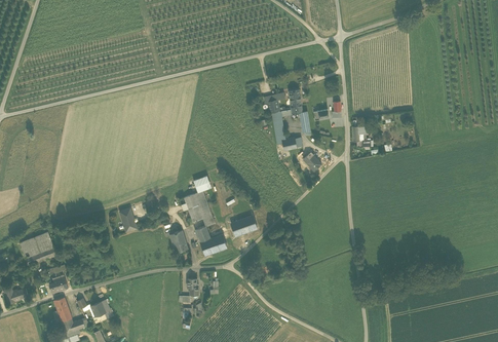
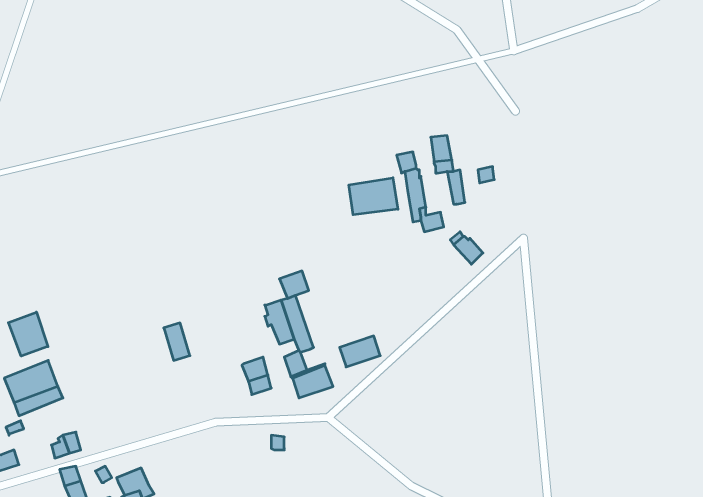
building: none -> [349,178,398,215]
building: none -> [8,312,48,356]

